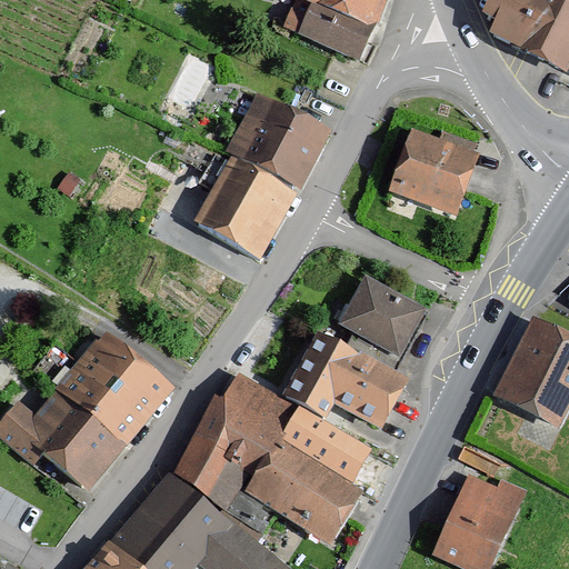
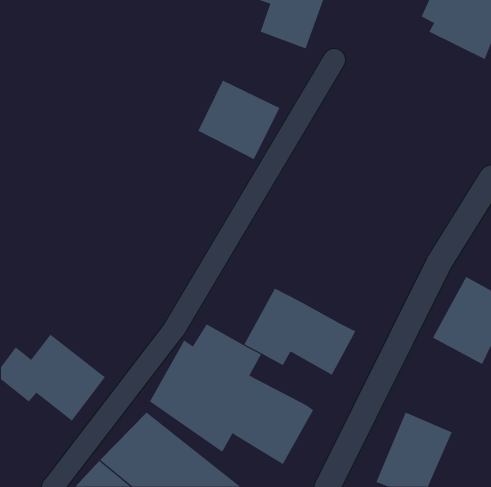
building: [390,131,481,219] -> none
building: [182,133,295,256] -> none
building: [341,278,429,373] -> none
building: [59,326,166,432] -> none
building: [290,409,369,468] -> none

